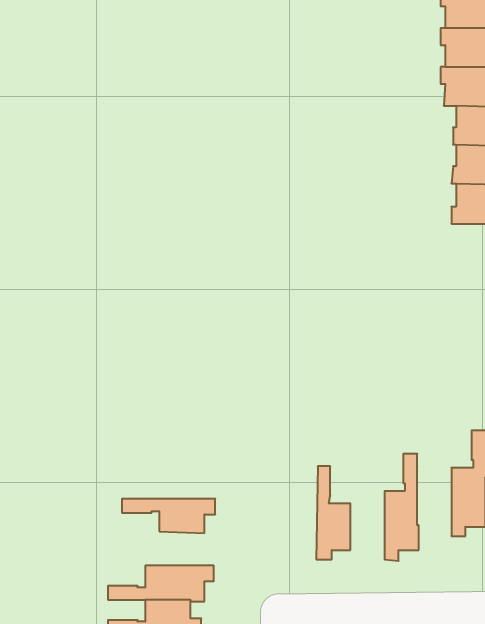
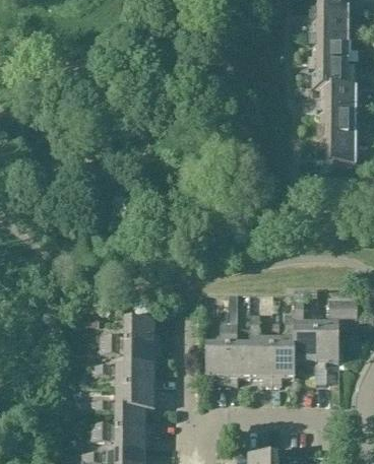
building: none -> [295,295,317,366]
building: none -> [251,312,273,381]
building: none -> [102,319,163,341]
building: none -> [206,320,230,381]
building: none -> [92,362,162,385]

